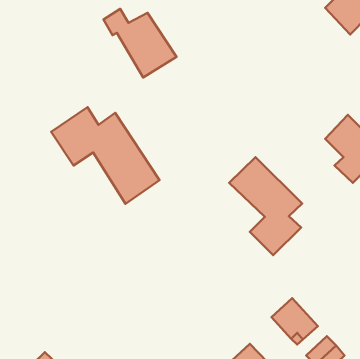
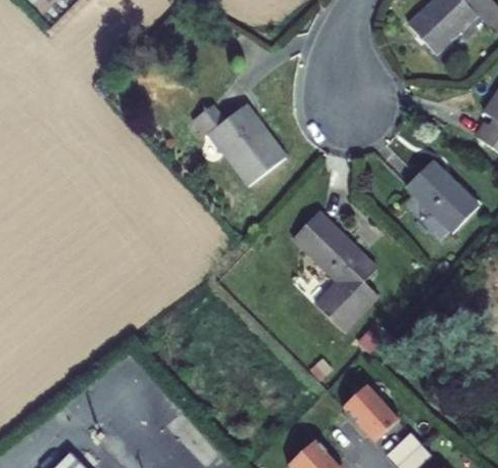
building: [103,9,176,78] -> [203,103,293,188]
building: [51,107,159,204] -> none

